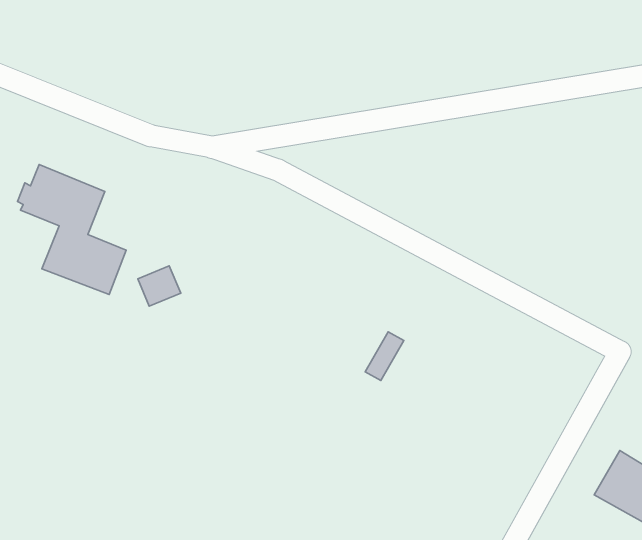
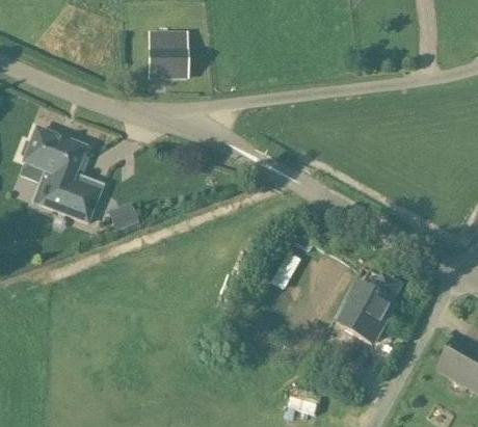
building: none -> [147,34,184,79]
building: none -> [339,273,400,339]

